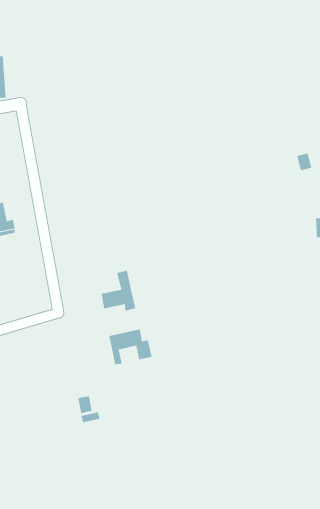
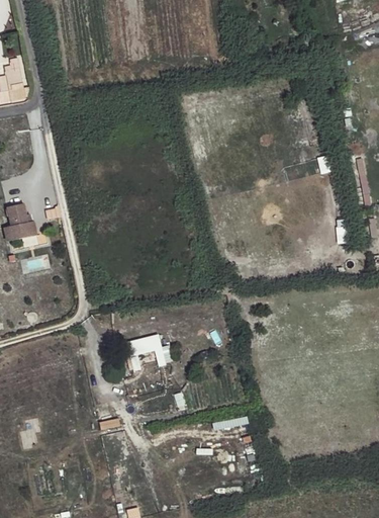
building: [101,270,136,311] -> none

